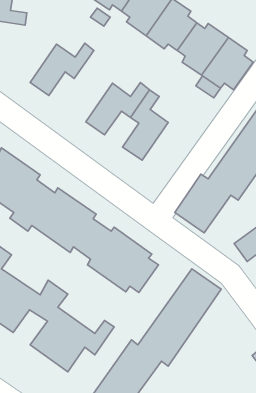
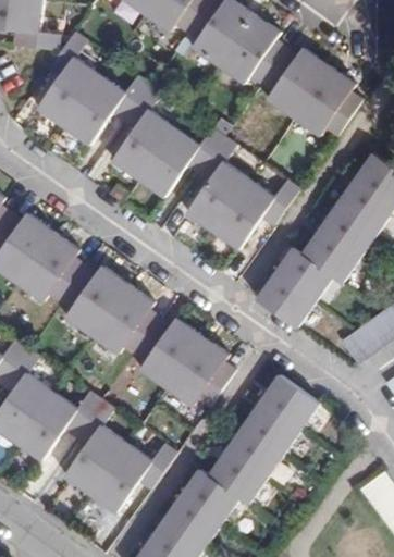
building: none -> [38,30,99,126]
building: none -> [112,84,174,178]
building: none -> [213,178,298,247]

